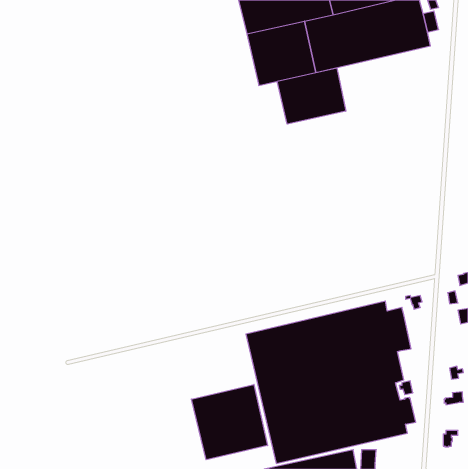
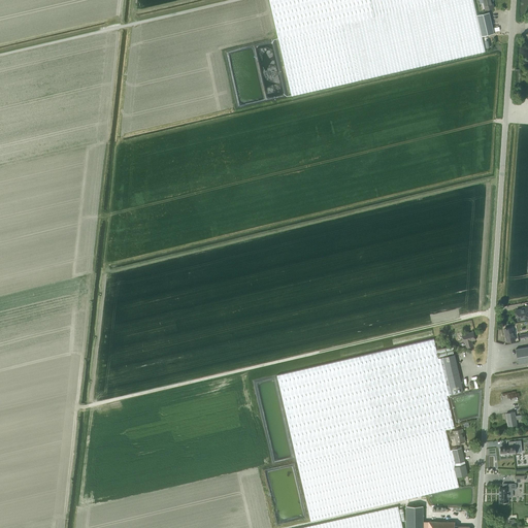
building: [277,68,346,124] -> none
building: [191,384,268,460] -> none

